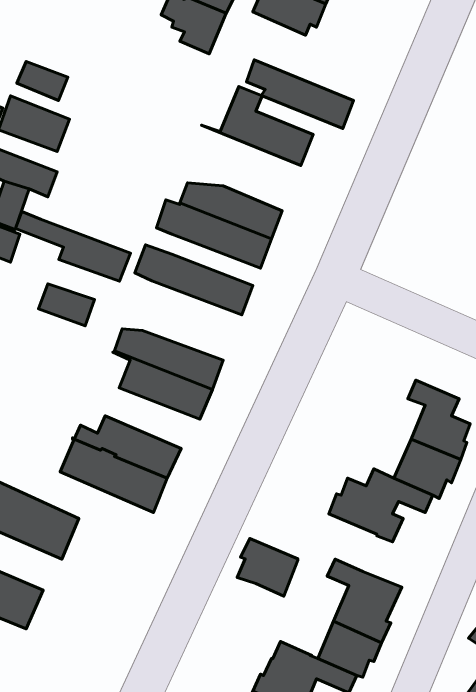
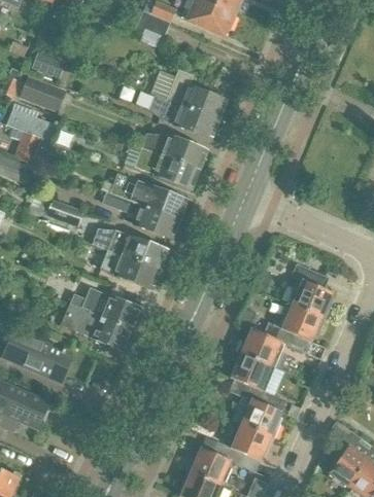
building: [247,60,354,128] -> [148,95,219,140]
building: [16,211,130,281] -> [104,192,180,239]
building: [237,539,298,596] -> [230,352,270,390]

